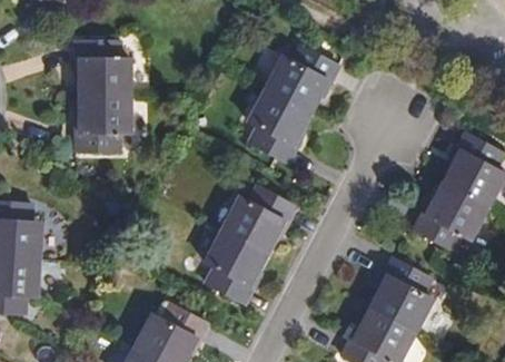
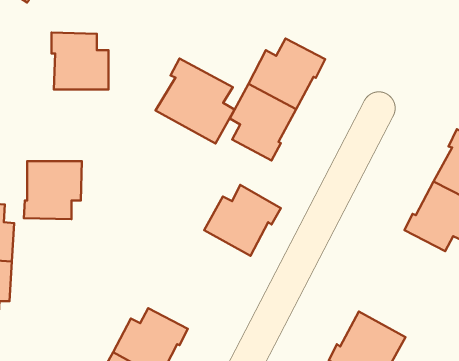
building: none -> [155,59,235,144]
building: [76,96,131,151] -> [24,161,82,219]
building: [204,231,267,305] -> none
building: [370,260,433,333] -> none

